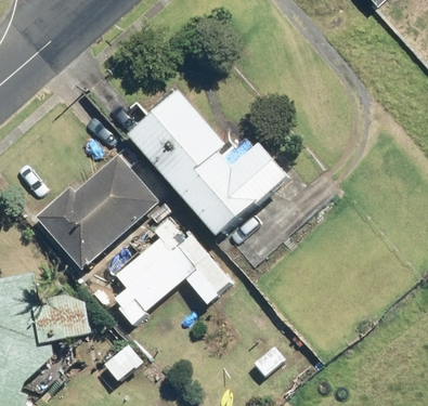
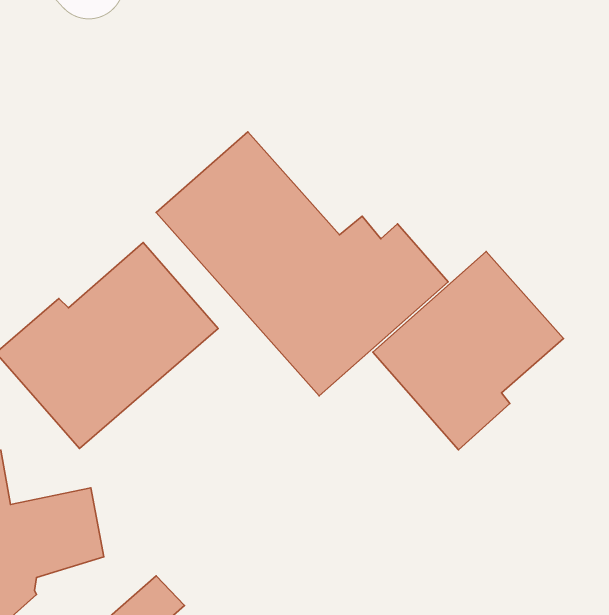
building: none -> [373,251,563,450]
building: [104,219,228,328] -> none

